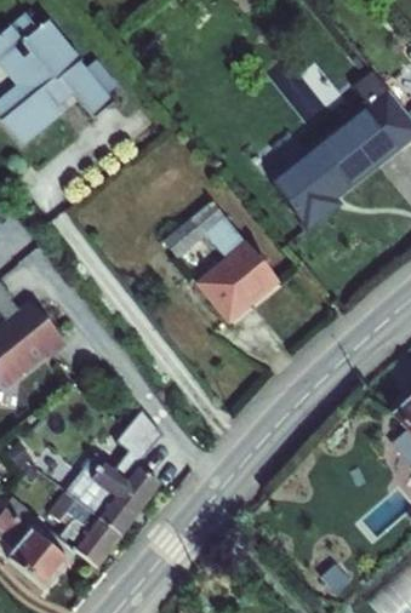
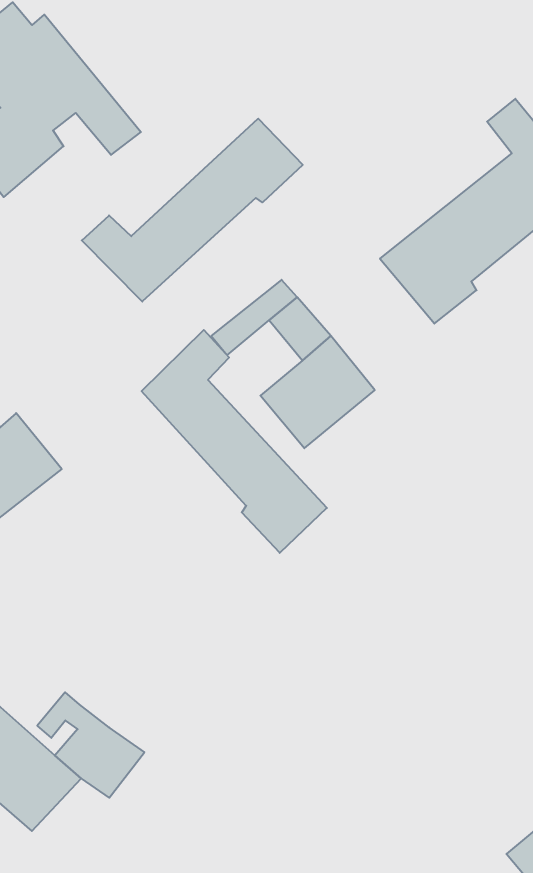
building: none -> [82,119,303,302]
building: none -> [142,330,327,553]
building: [64,401,161,528] -> none

